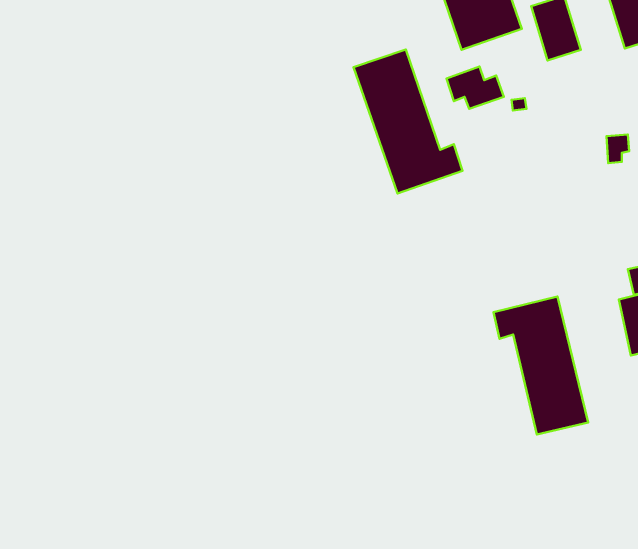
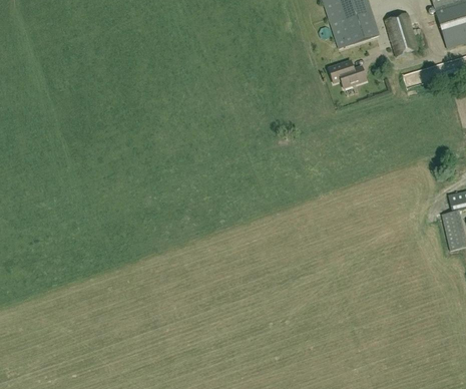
building: [354,50,462,194] -> none
building: [494,296,588,434] -> none

